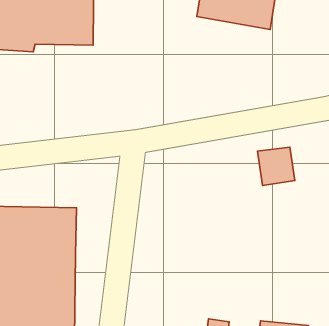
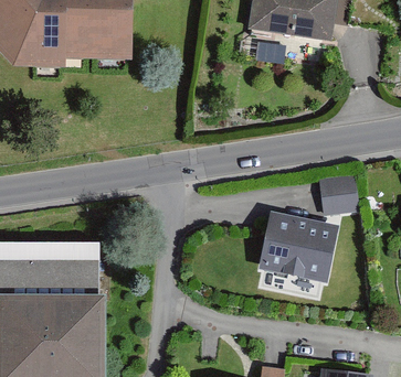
building: none -> [255,211,337,282]

